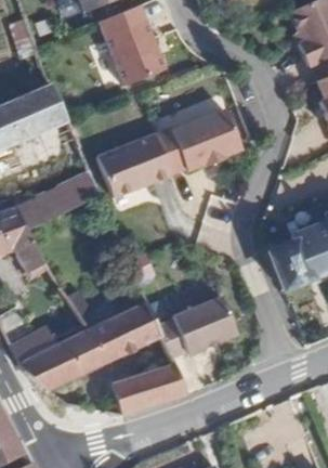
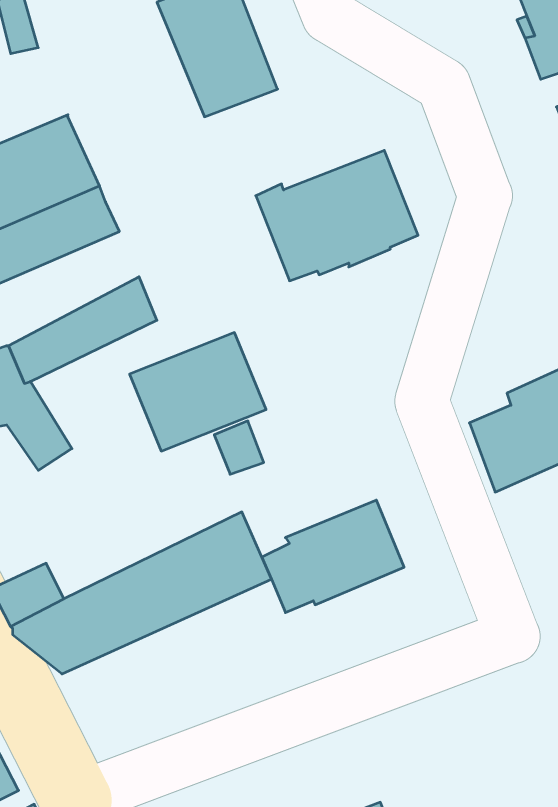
building: [96,132,171,197] -> [130,333,266,451]
building: [109,364,185,414] -> none

